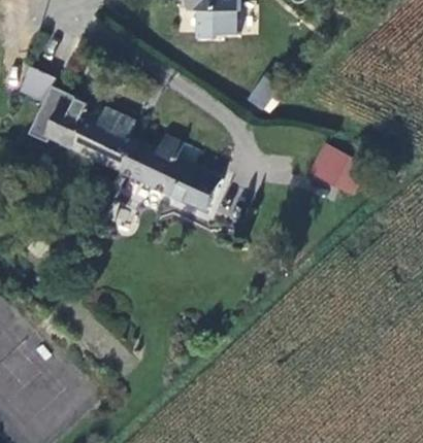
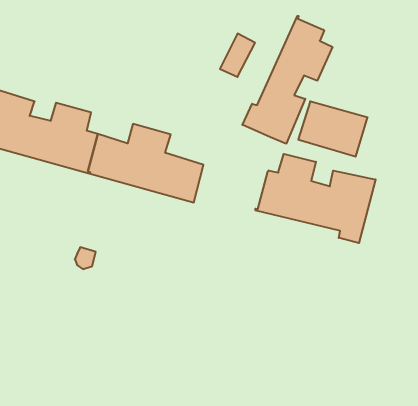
building: none -> [242,16,332,144]
building: none -> [255,154,376,243]

